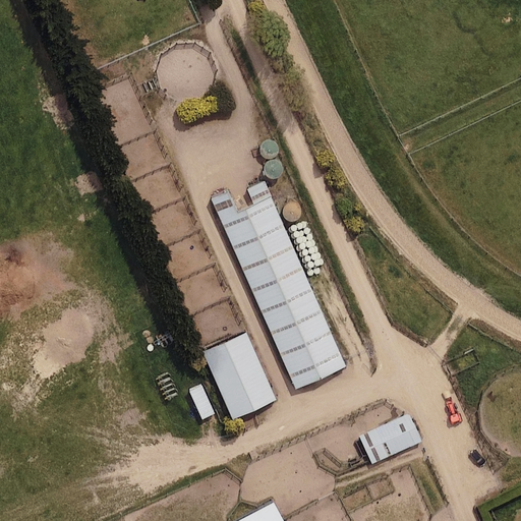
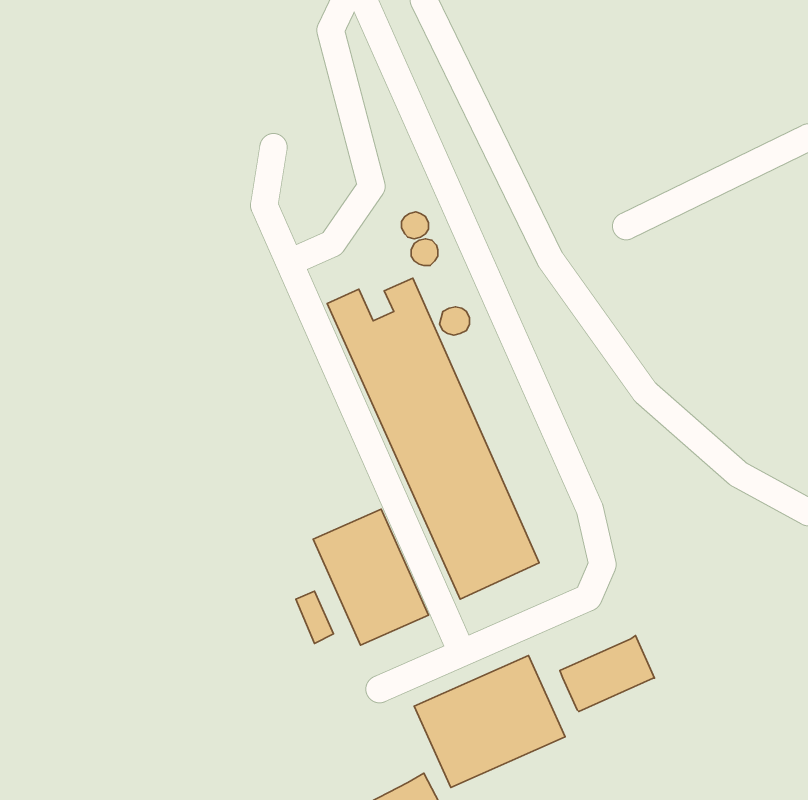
building: none -> [414,655,565,787]

